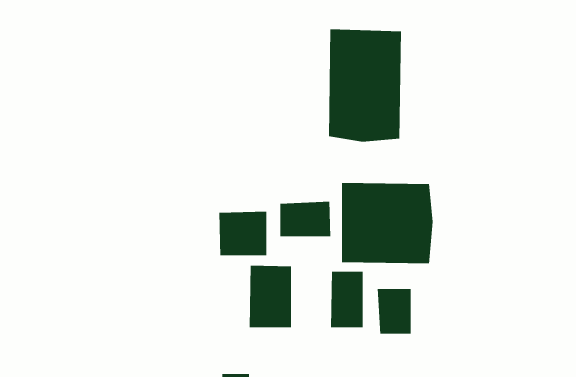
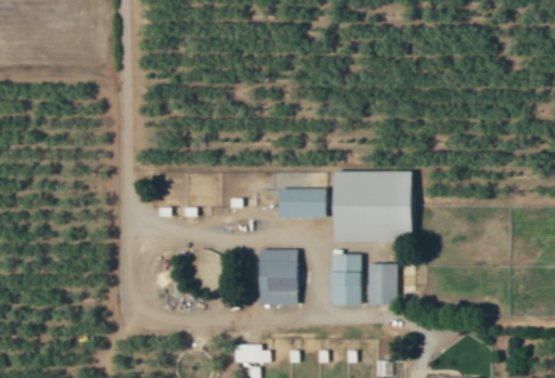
building: [328,28,401,142] -> none
building: [219,211,267,256] -> none

